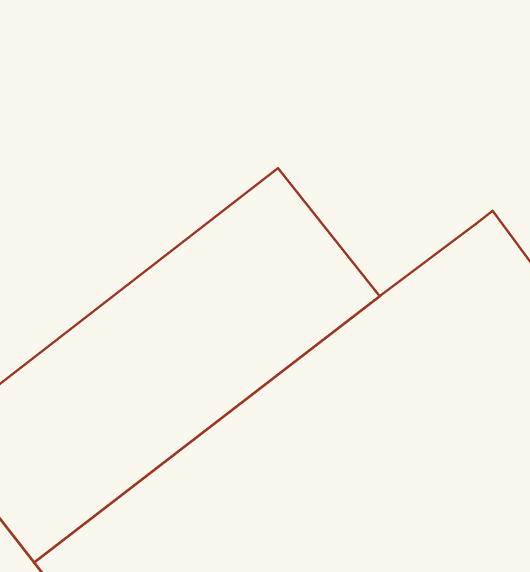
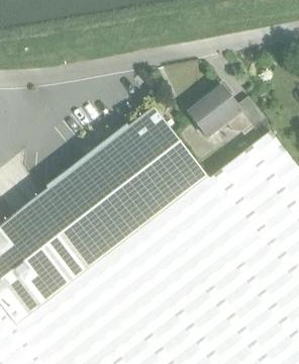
building: none -> [190,88,272,142]

